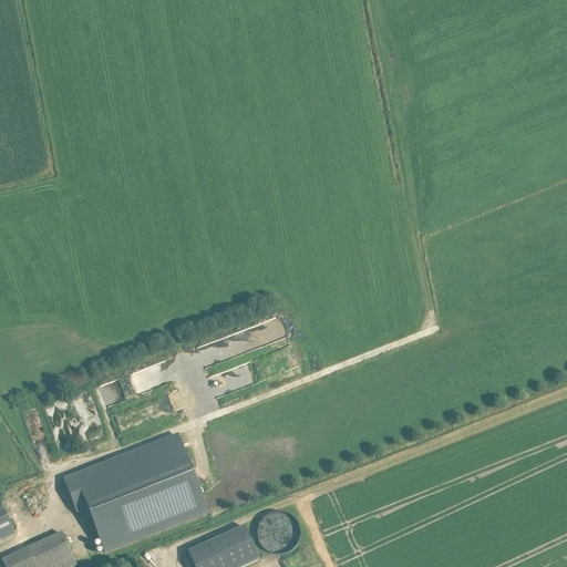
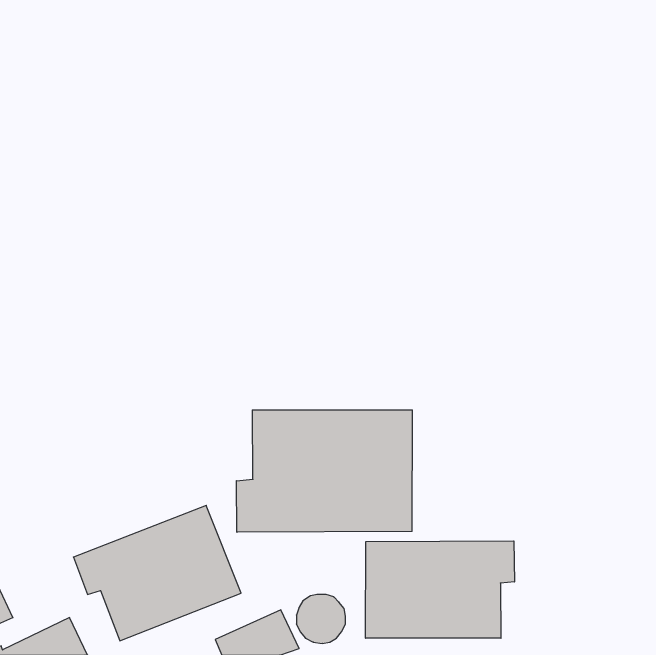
building: none -> [236,410,412,532]
building: none -> [366,541,514,638]

